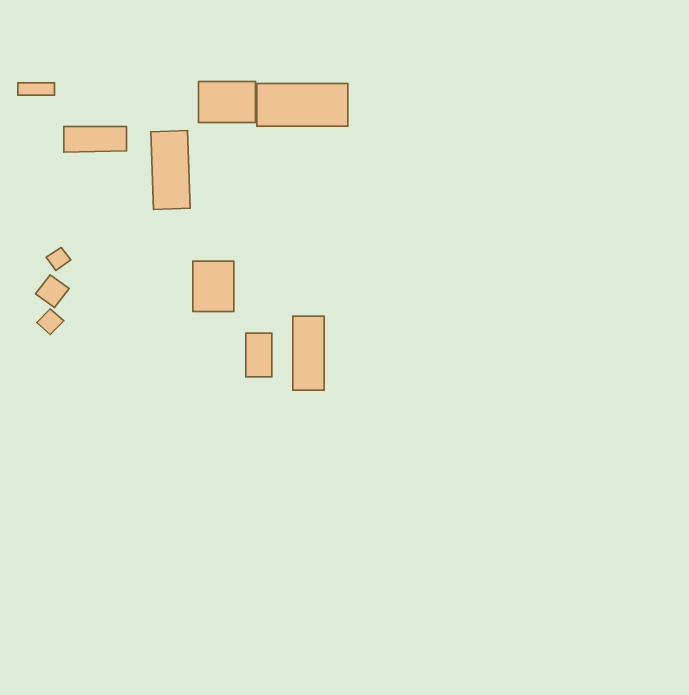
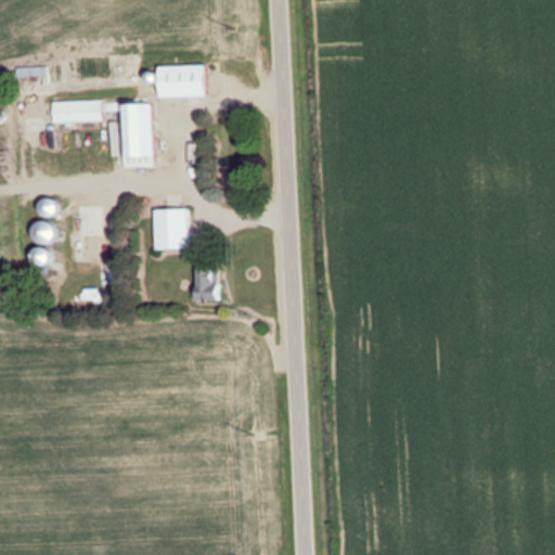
building: [257,84,348,126] -> none
building: [293,316,324,390] -> none

